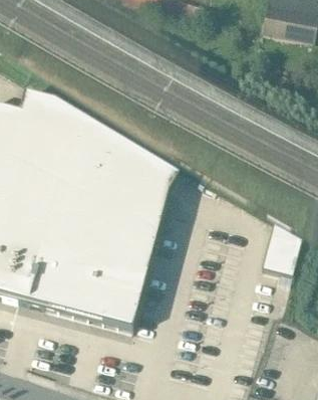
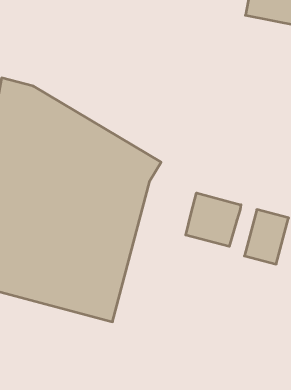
building: none -> [186,193,241,246]

